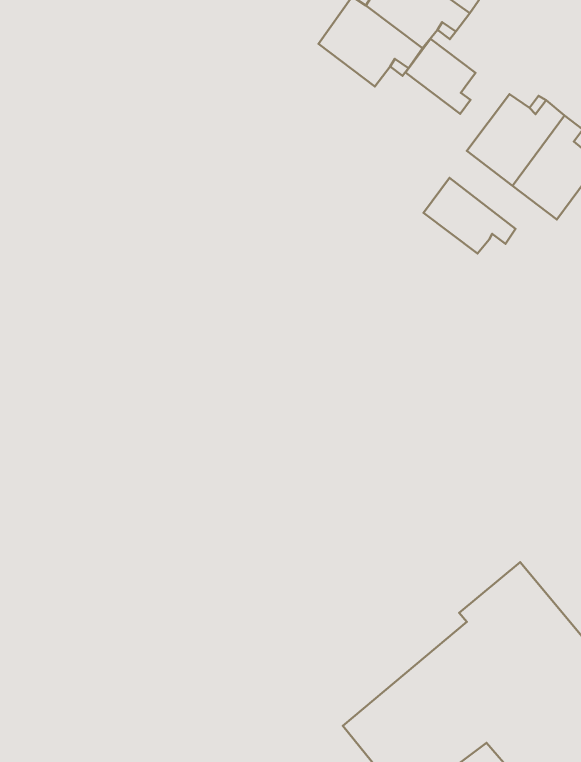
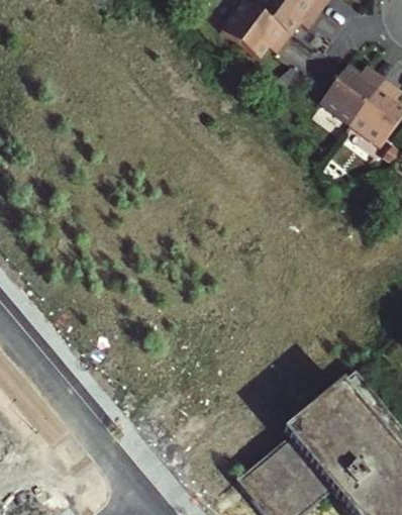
building: [406,39,475,114] -> none
building: [424,178,515,254] -> none

